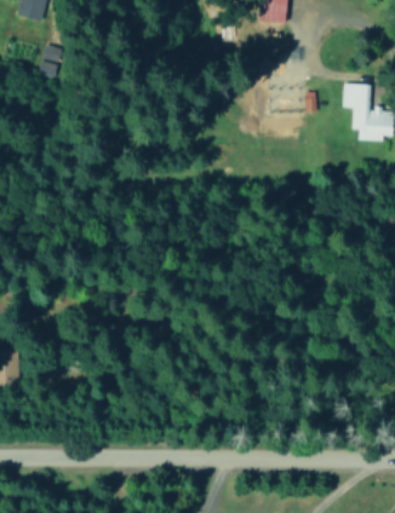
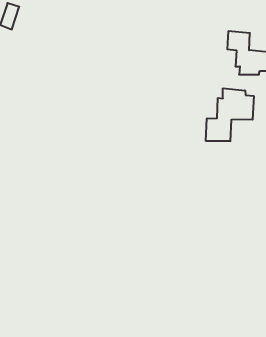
building: none -> [206,88,254,141]

